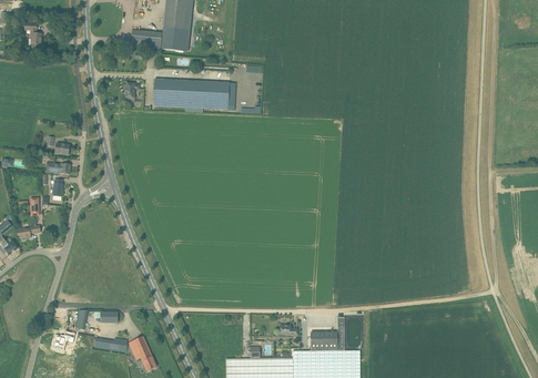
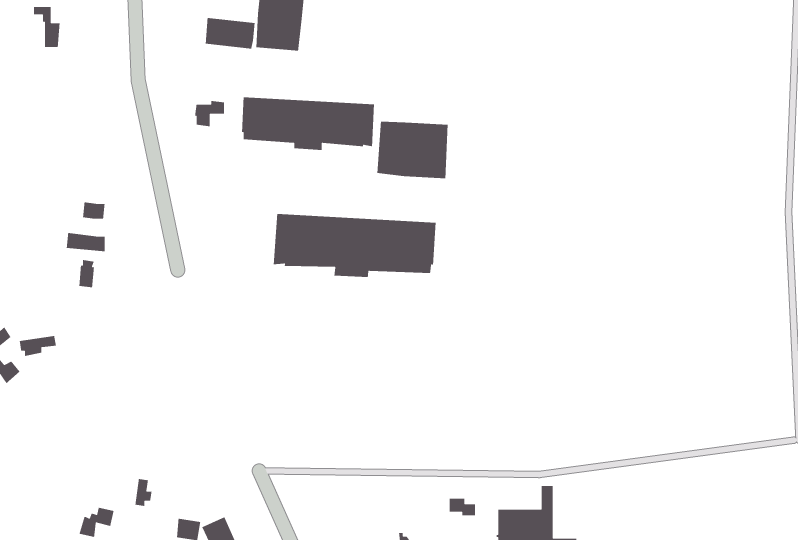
building: none -> [377,121,448,179]
building: none -> [273,213,436,278]

